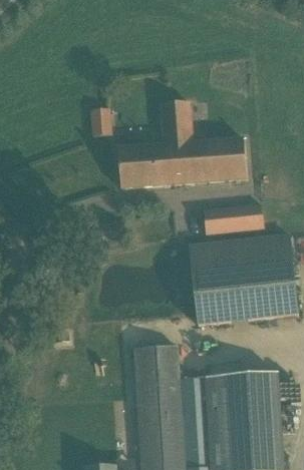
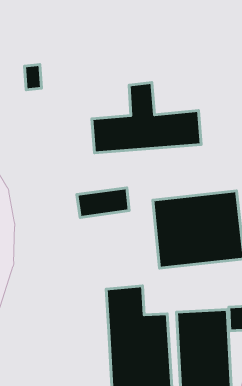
building: [90,106,110,136] -> [25,64,41,90]
building: [202,200,264,236] -> [77,188,129,217]

